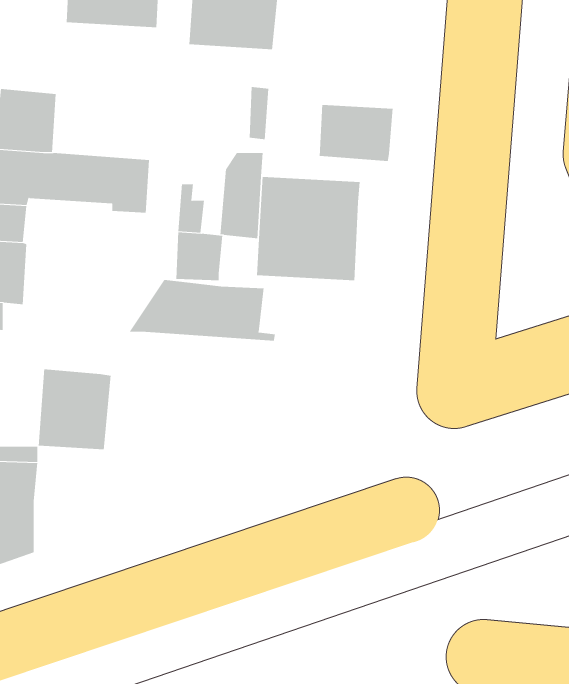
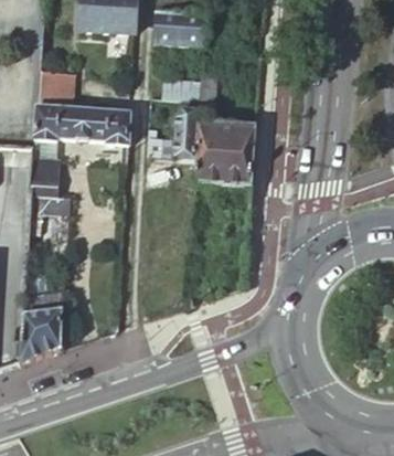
building: [319,104,393,162] -> none
building: [129,279,275,341] -> none
building: [38,368,111,450] -> none

